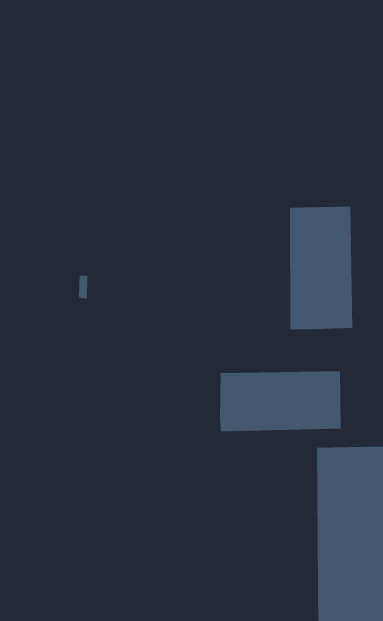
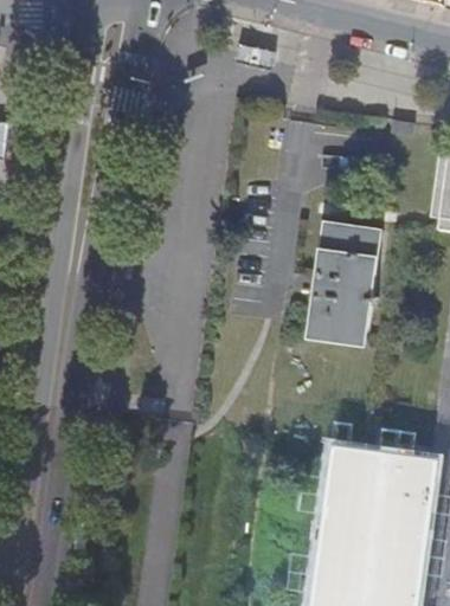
building: [220,371,341,432] -> none

